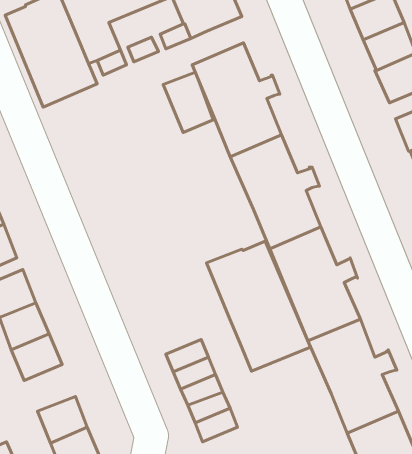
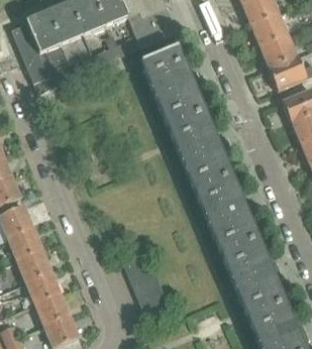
building: [163,72,213,133] -> none
building: [206,241,310,371] -> none
building: none -> [25,270,61,303]

